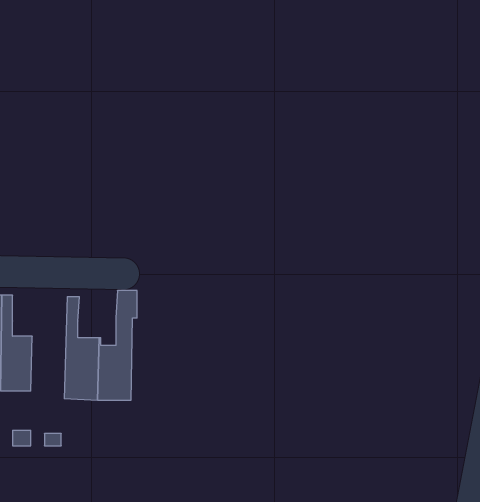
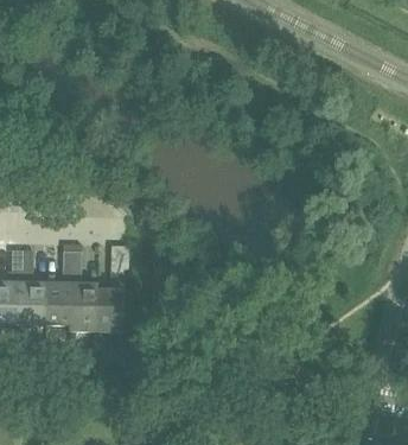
building: none -> [44,249,72,329]

